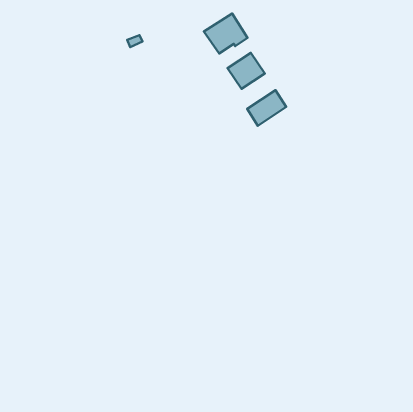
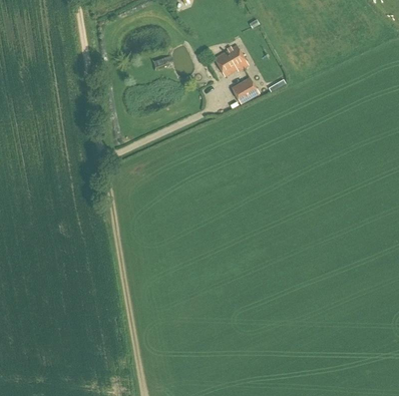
building: [247,90,286,126] -> none

